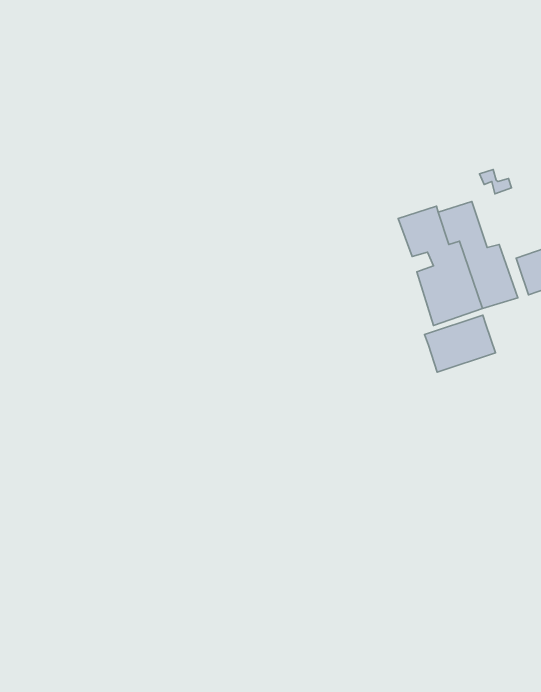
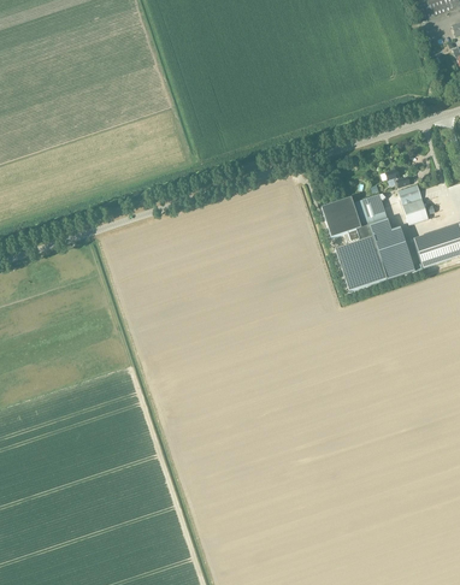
building: none -> [399,184,429,225]
building: [424,315,496,372] -> none

